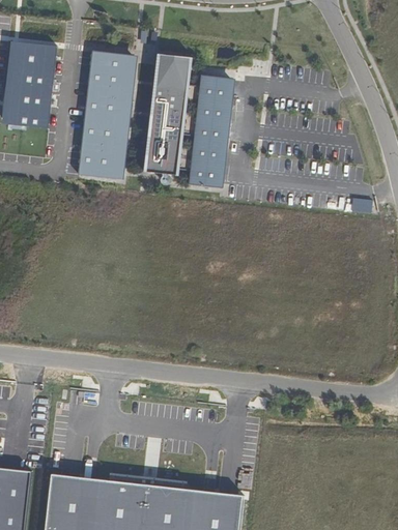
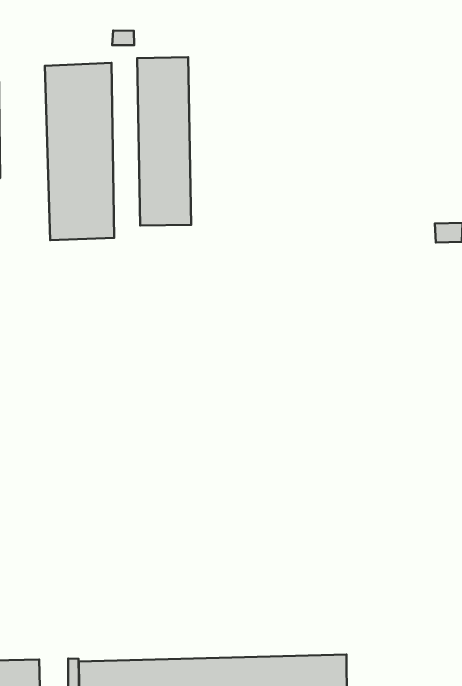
building: [189,76,236,188] -> none

